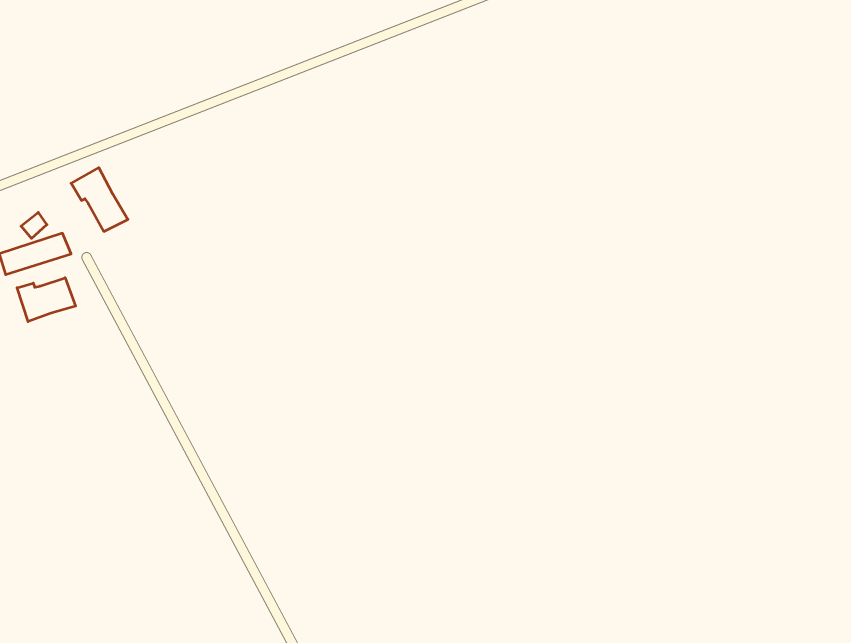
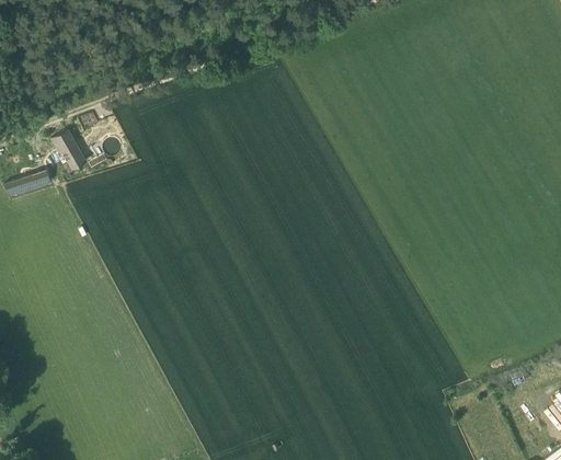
building: [17,278,76,322] -> none

